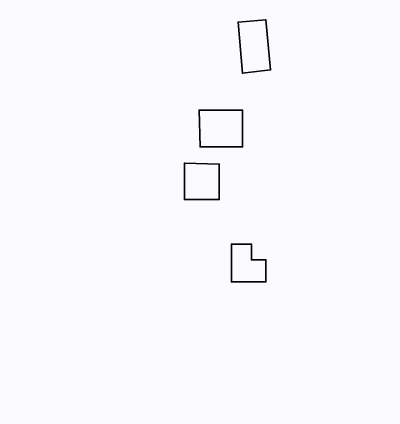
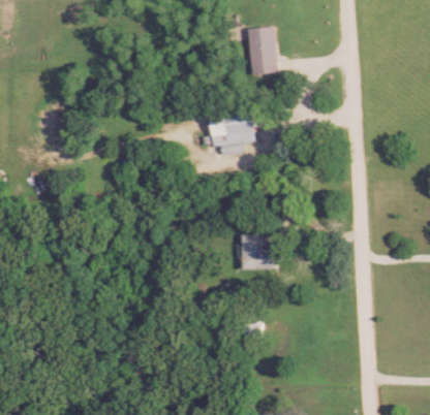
building: [184,163,219,199] -> none

